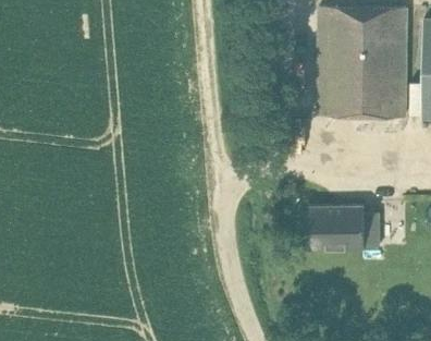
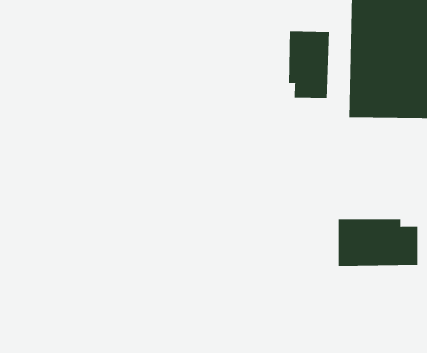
building: none -> [288,31,329,99]

